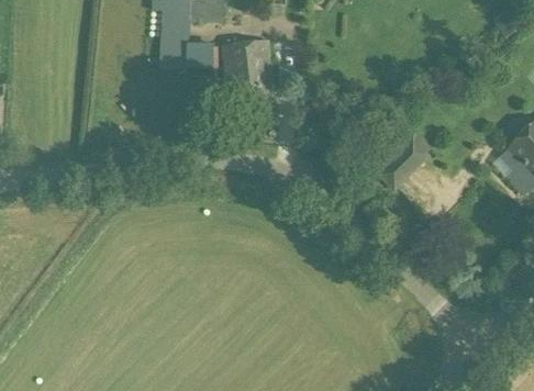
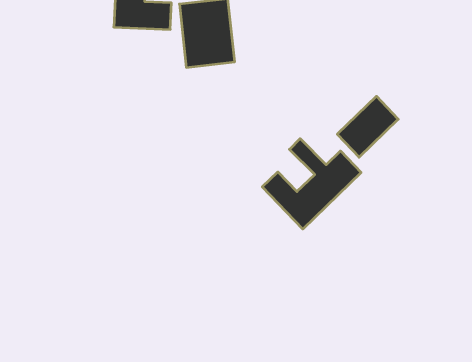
building: none -> [262,139,361,229]

